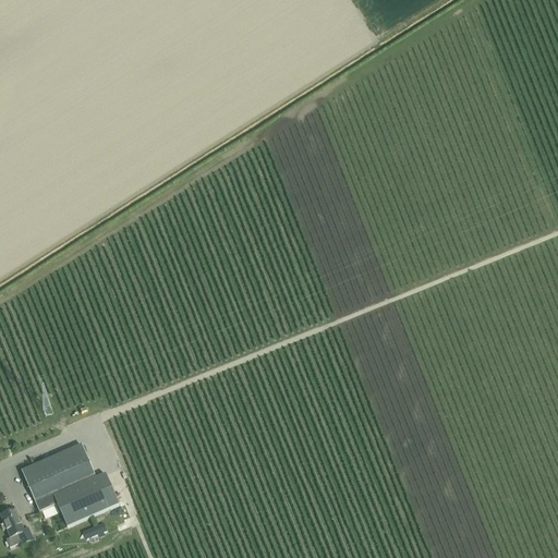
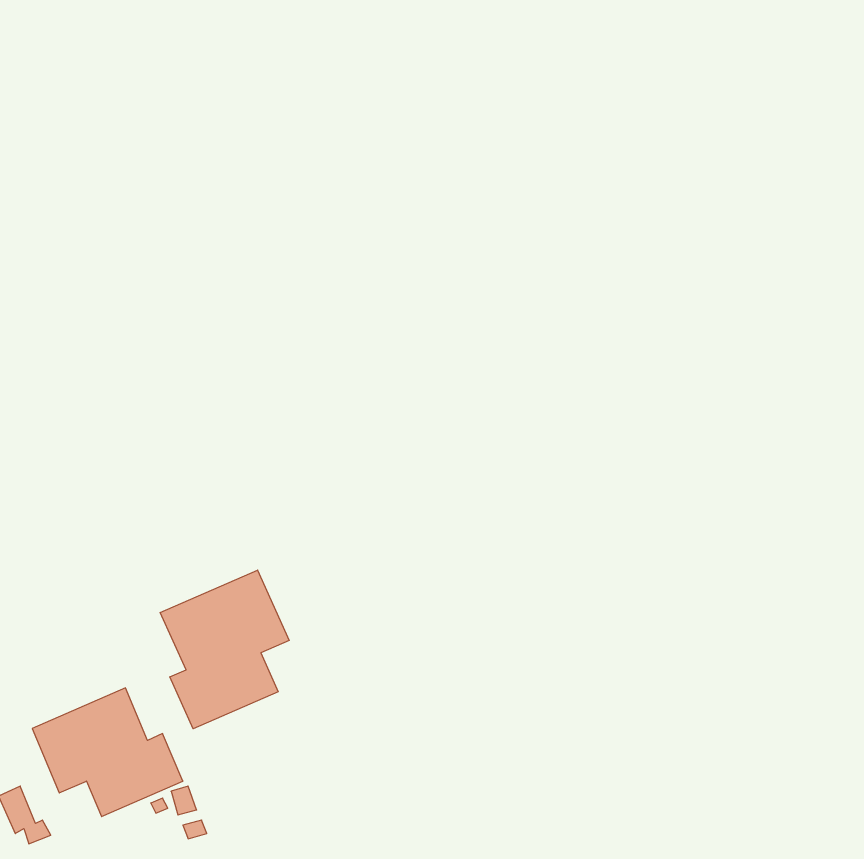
building: none -> [160,570,289,729]

